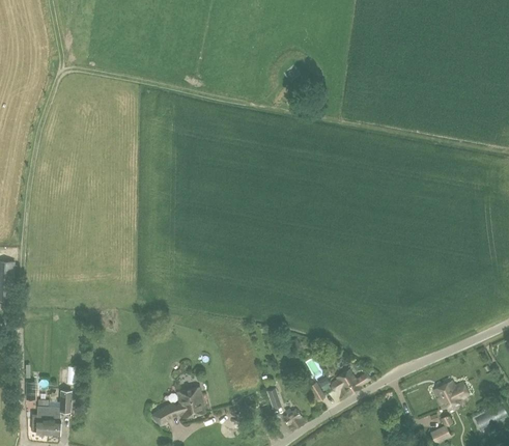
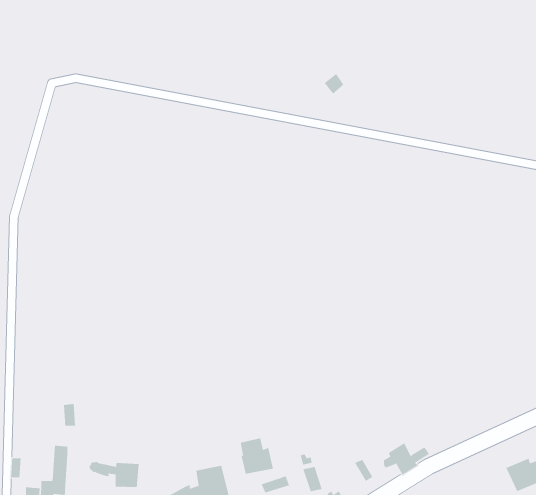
building: none -> [240,437,274,475]
building: none -> [89,461,139,488]

